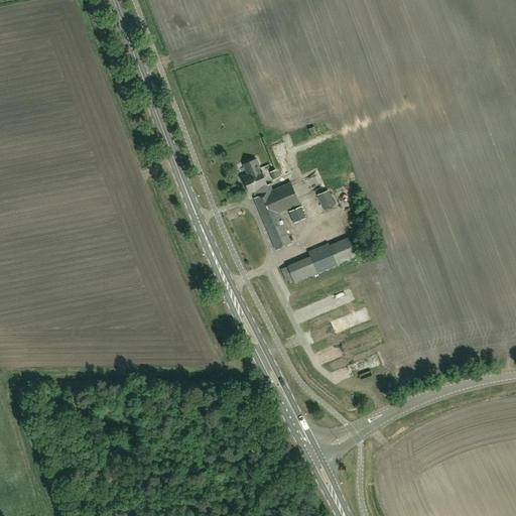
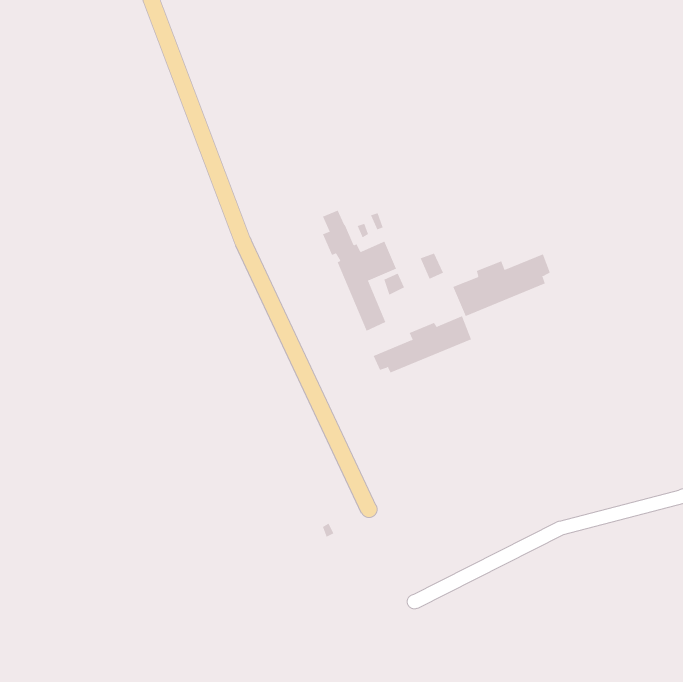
building: none -> [453,254,550,317]

